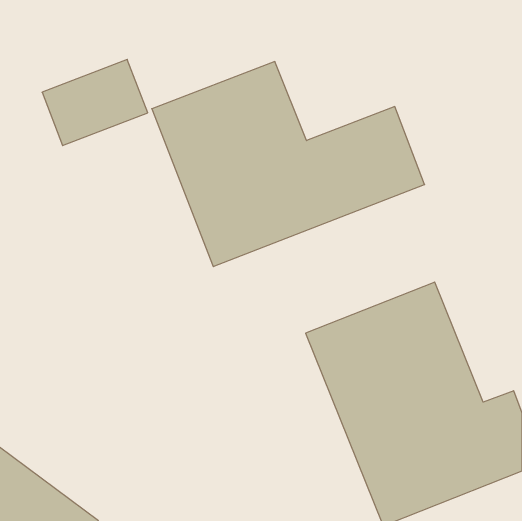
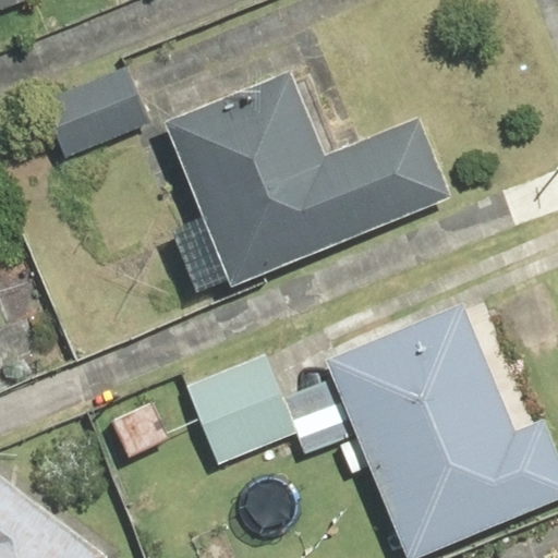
building: none -> [121,349,311,468]

